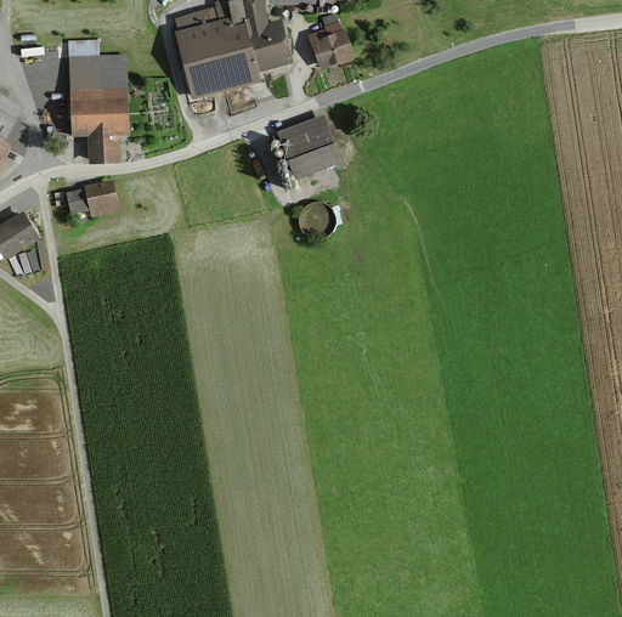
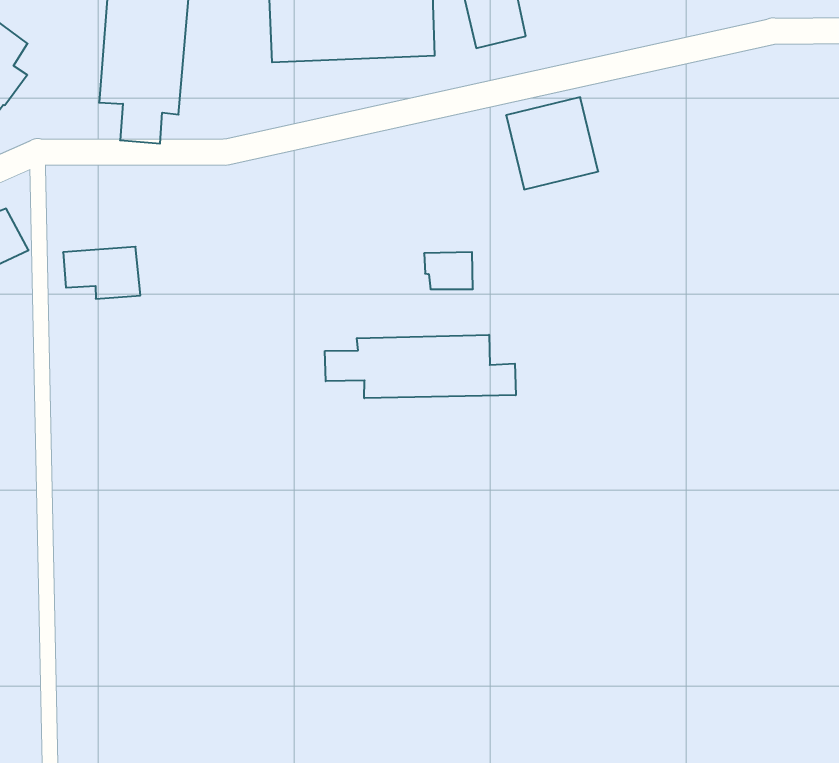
building: [275,112,340,177] -> [506,97,598,189]
building: [64,179,119,216] -> [63,247,140,299]
building: none -> [325,335,516,398]

